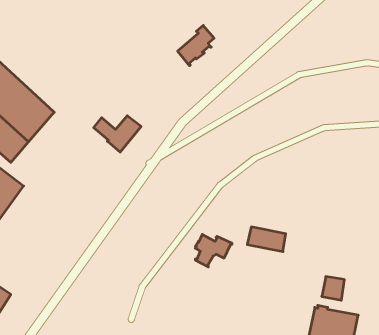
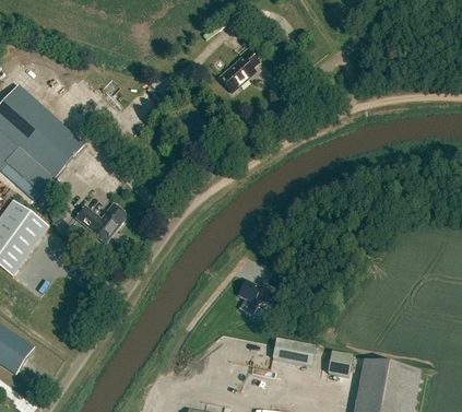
building: [94,116,141,152] -> [74,203,127,244]
building: [247,227,286,252] -> [272,339,315,366]
building: [322,277,344,300] -> [327,352,352,378]

